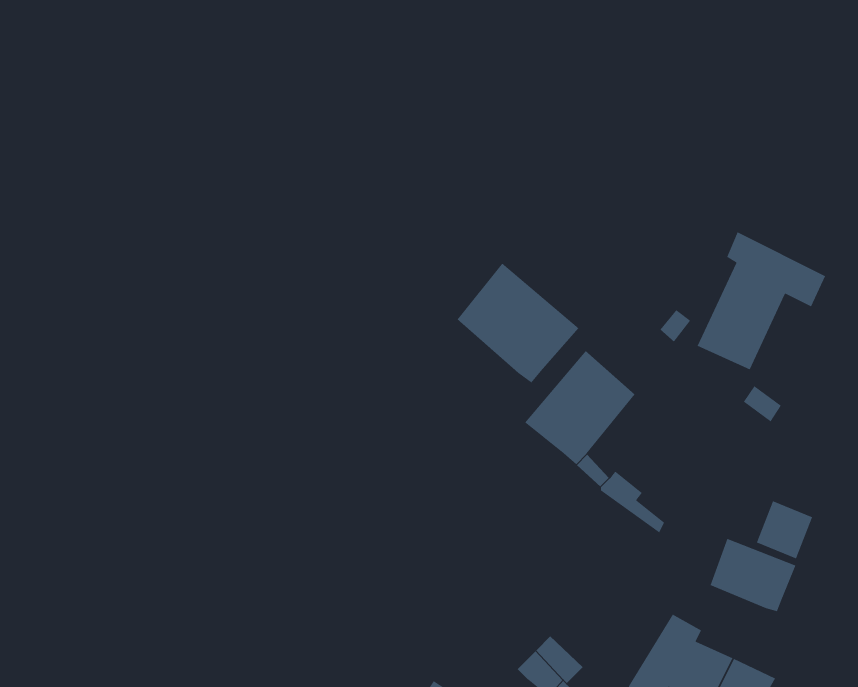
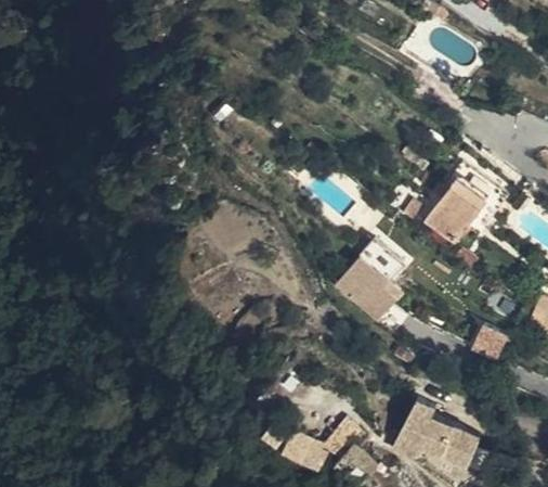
building: [456,263,580,383] -> none
building: [710,538,797,612] -> none

